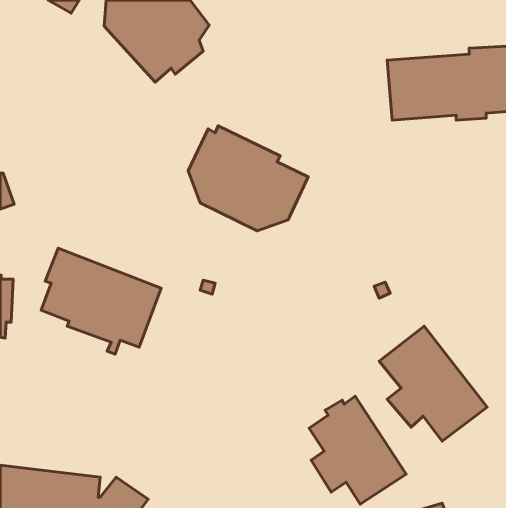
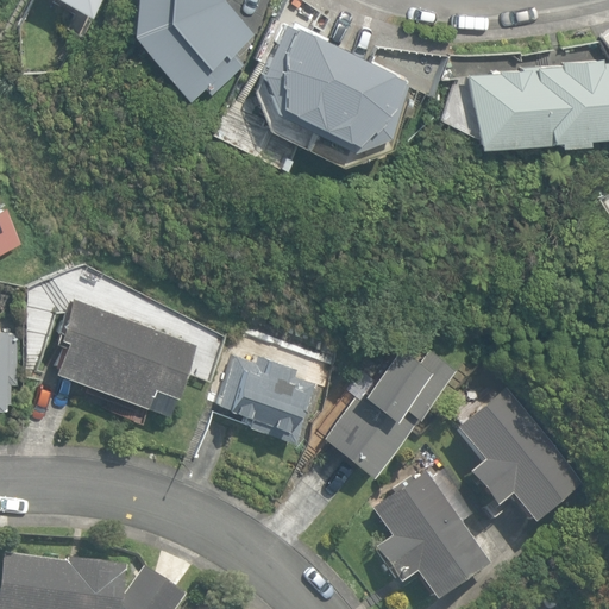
building: [188,126,308,231] -> [264,23,407,147]
building: none -> [324,347,456,475]
building: none -> [219,356,316,442]

